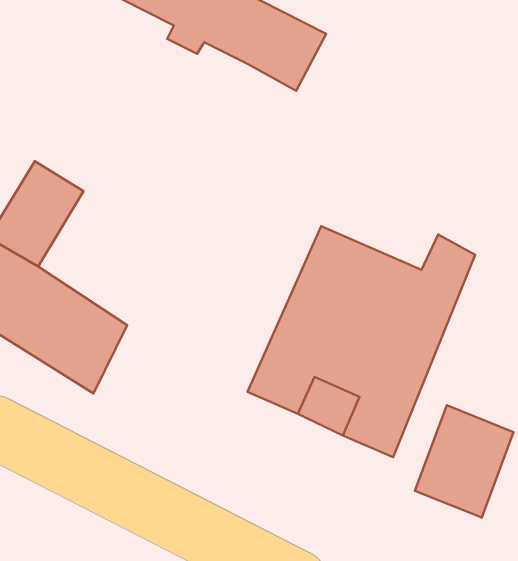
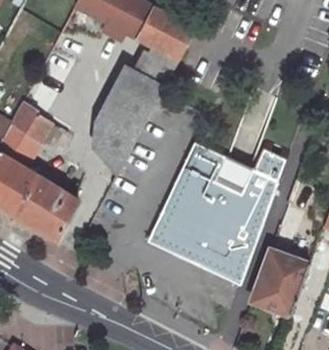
building: none -> [102,45,179,172]

